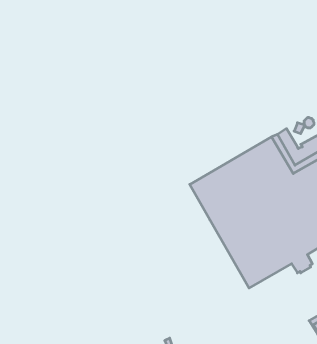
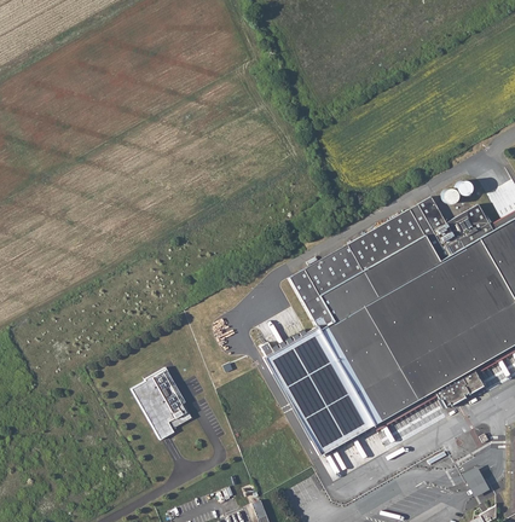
building: none -> [267,327,376,456]
building: none -> [132,366,192,439]

